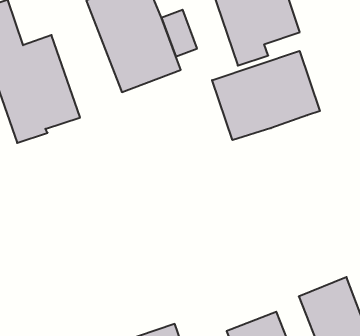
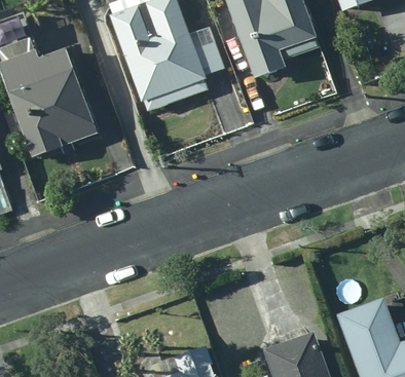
building: [212,51,320,140] -> none

